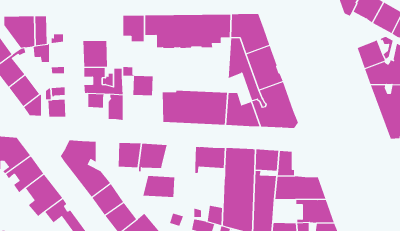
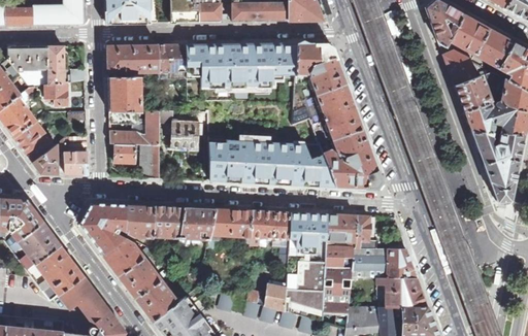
building: none -> [438,40,476,86]
building: none -> [107,44,159,71]
building: none -> [126,204,154,236]
building: [142,176,175,198] -> [209,208,251,236]

